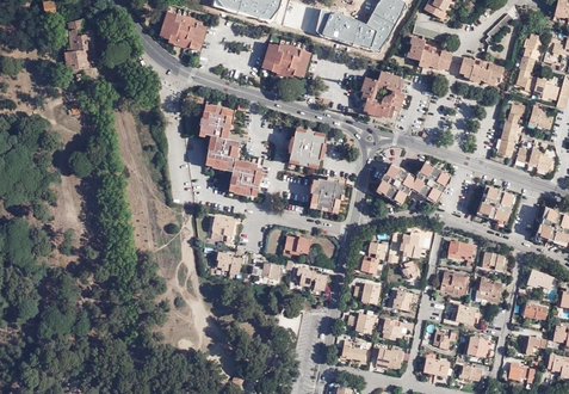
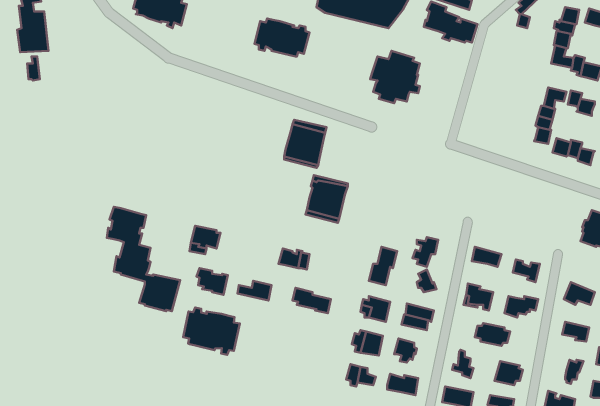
building: [458,54,502,82] -> none
building: [199,110,261,198] -> [107,207,180,311]
building: [376,160,447,199] -> none
building: [478,184,511,217] -> none
building: none -> [183,307,240,355]

